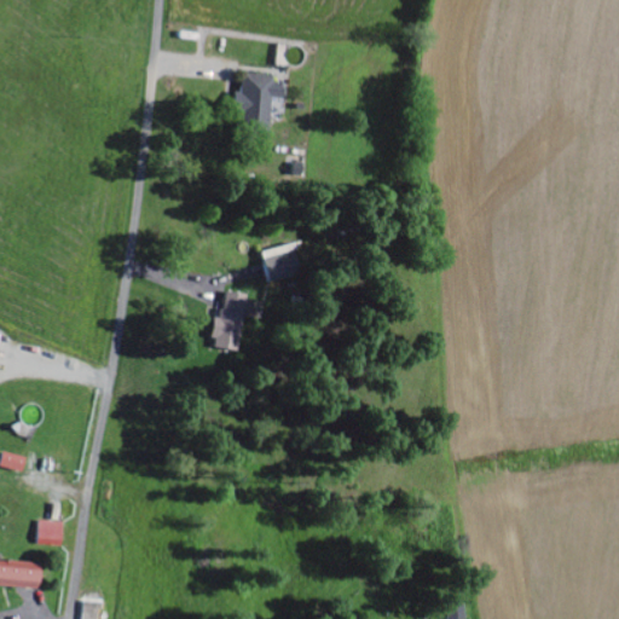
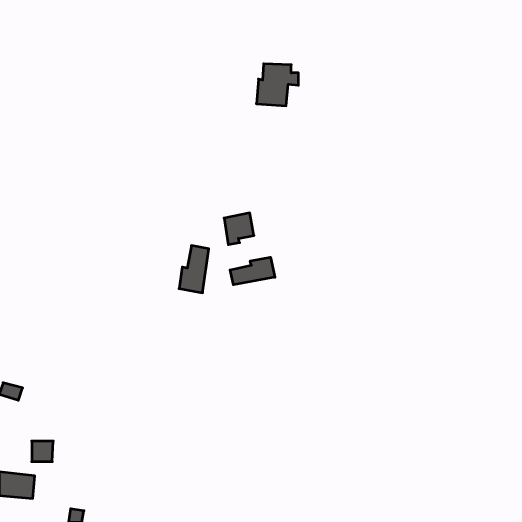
building: [233,73,283,122] -> [256,64,298,106]
building: none -> [230,257,275,285]

